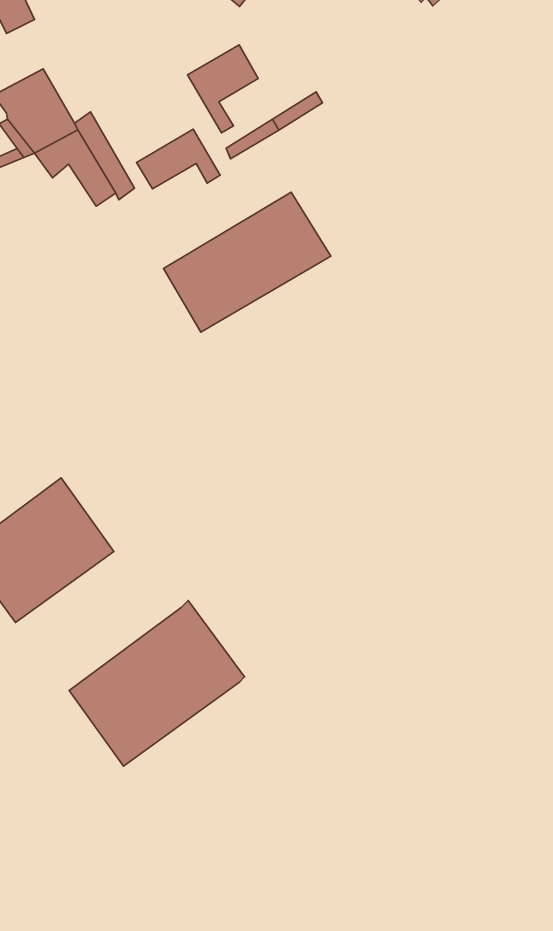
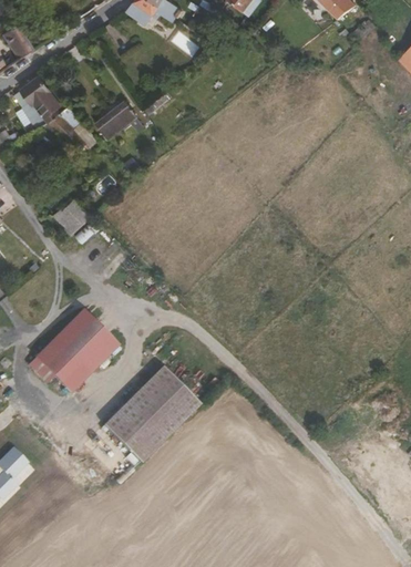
building: [188,45,258,133] -> none
building: [164,192,331,332] -> none
building: none -> [58,195,93,233]

